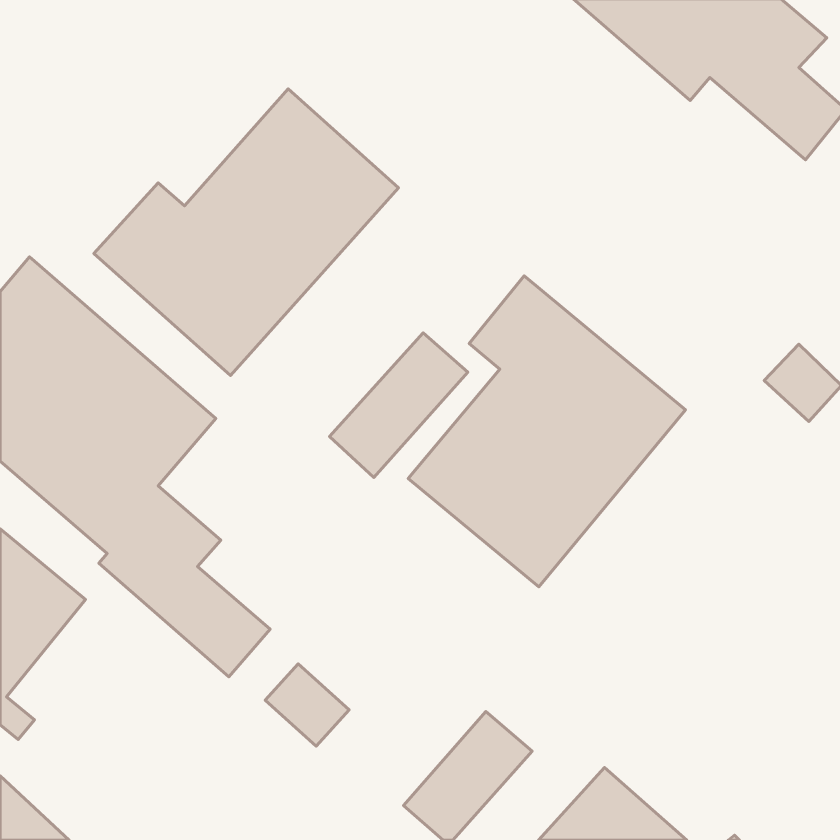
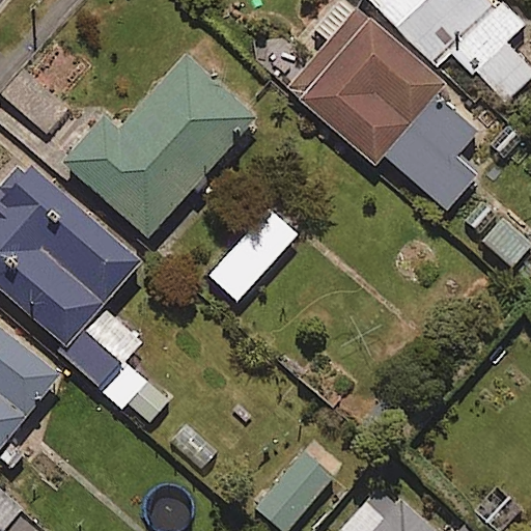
building: none -> [289,10,476,208]
building: [408,276,686,587] -> none

